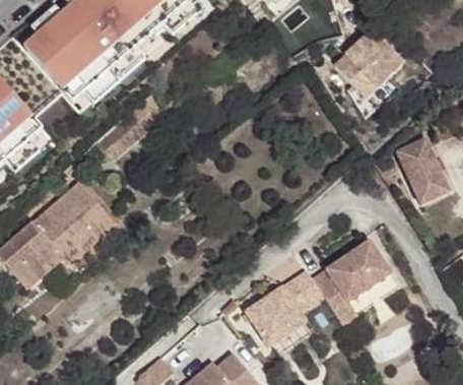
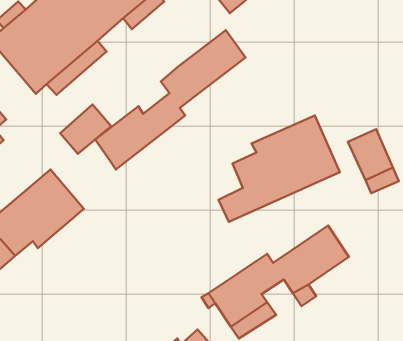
building: [331,33,398,99] -> none
building: none -> [95,30,245,169]
building: none -> [219,116,340,222]

